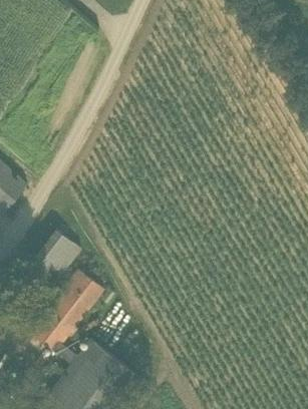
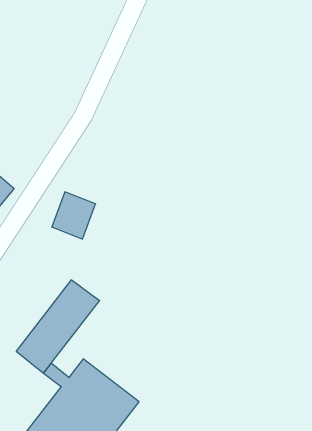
building: [34,231,74,274] -> [52,192,96,239]

